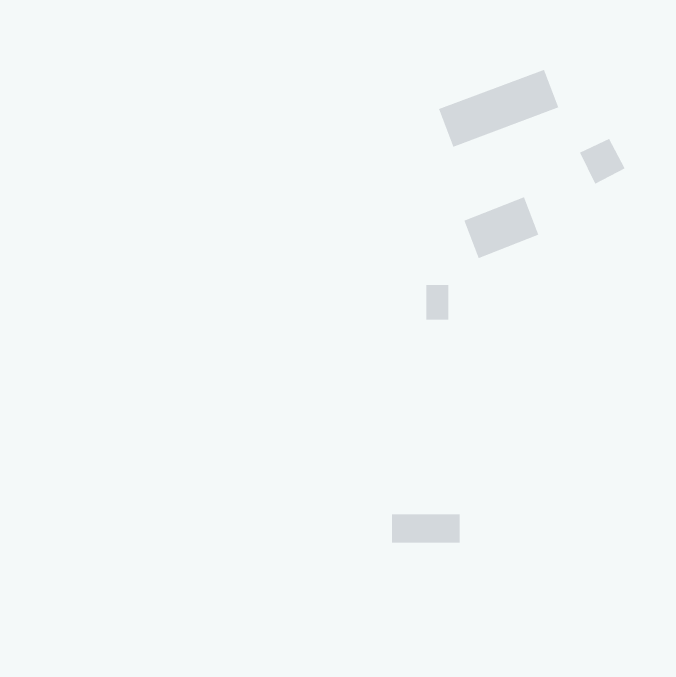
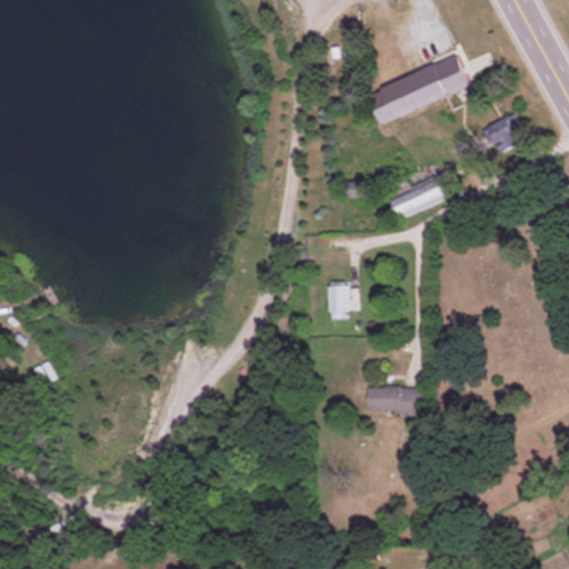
building: [425,284,449,320] -> [328,282,348,312]
building: [391,514,460,543] -> [368,387,426,411]

